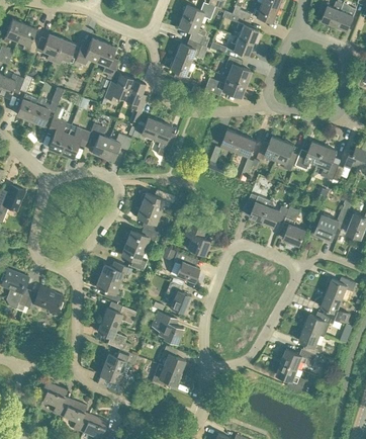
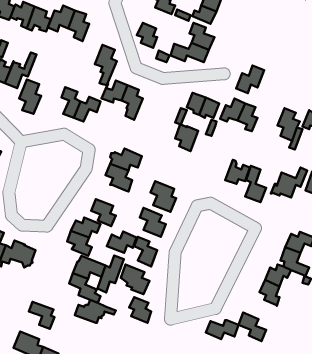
building: [175,39,206,62] -> none
building: [103,74,132,101] -> none
building: [60,125,90,157] -> none
building: [295,141,325,170] -> [236,65,264,93]
building: [246,193,270,222] -> [175,124,198,151]
building: [125,227,157,249] -> [107,232,137,253]
building: none -> [97,255,124,293]
building: [281,348,315,368] -> [206,320,238,339]
building: [99,364,126,392] -> [29,302,55,329]
building: [151,365,180,388] -> none

